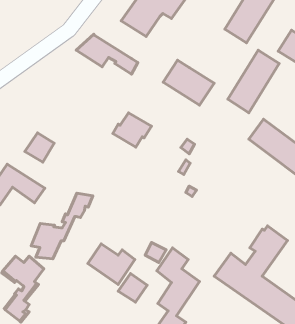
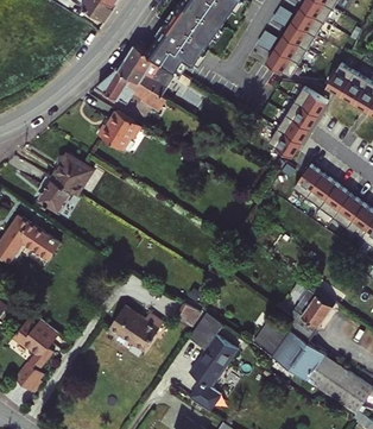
building: [163,60,214,105] -> [118,44,176,95]
building: none -> [52,153,93,195]
building: [113,113,152,147] -> [96,111,140,150]
building: [31,193,93,259] -> none
building: [118,274,147,302] -> none

